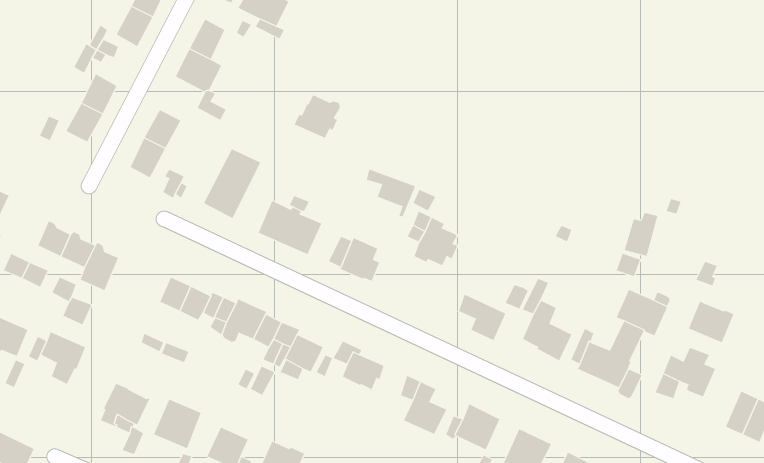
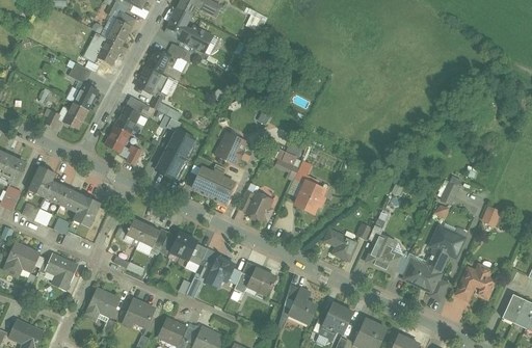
building: [294,95,341,138] -> [214,134,245,163]
building: none -> [28,164,54,196]
building: [688,301,734,343] -> none

